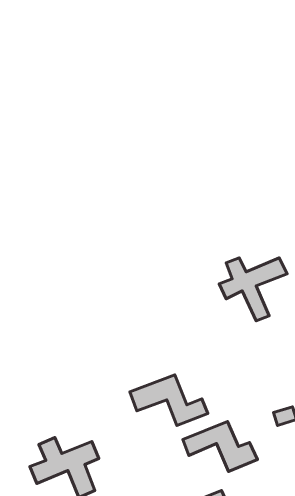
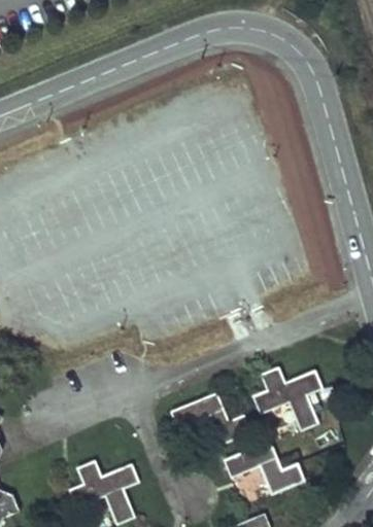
building: [219,258,287,321] -> [252,371,323,435]

